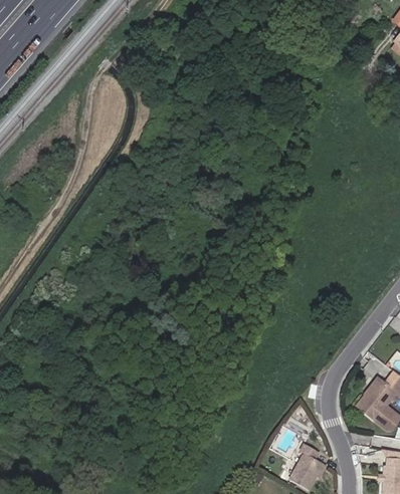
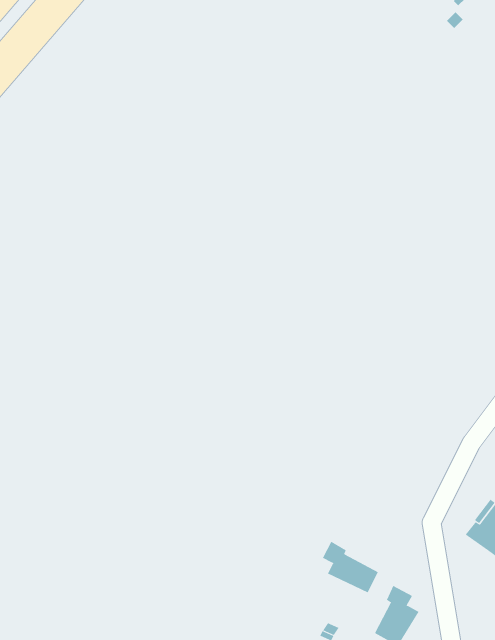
building: none -> [322,541,378,593]

